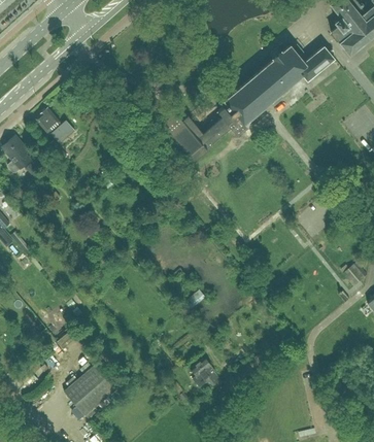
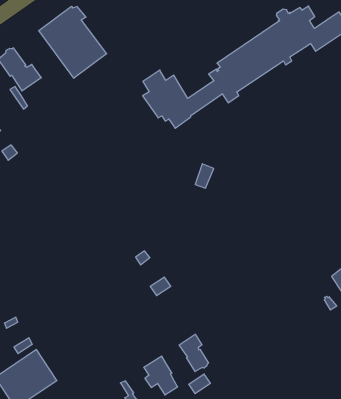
building: none -> [39,6,107,78]
building: none -> [179,334,208,372]

